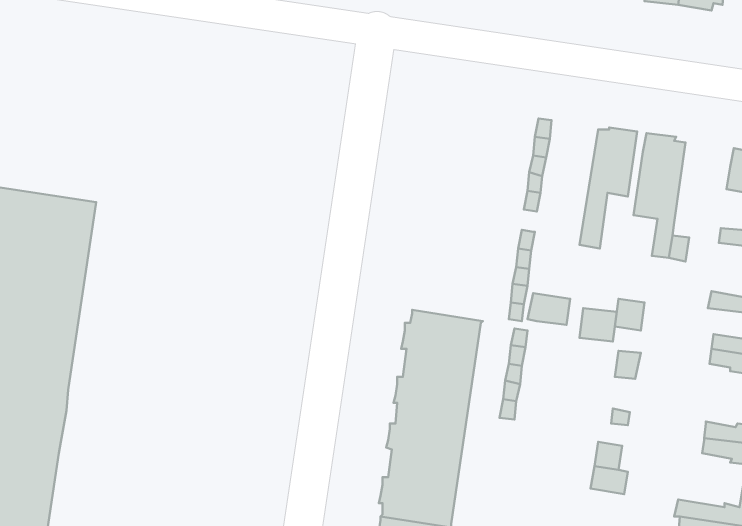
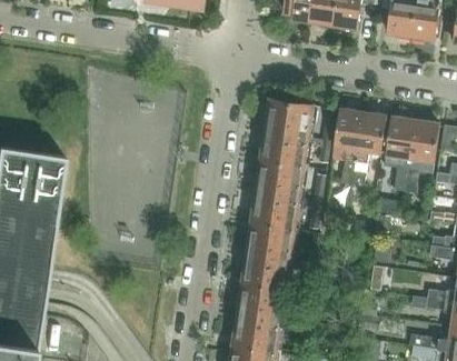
building: none -> [252,97,314,228]
building: none -> [334,107,365,182]
building: none -> [410,120,441,172]

